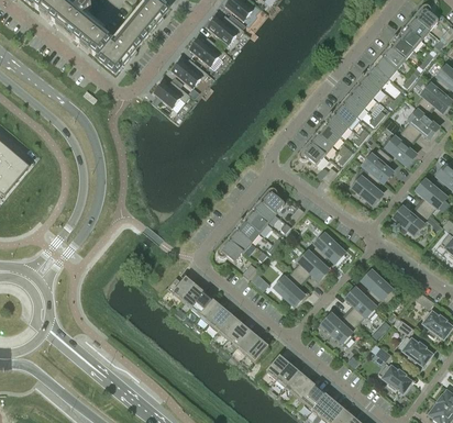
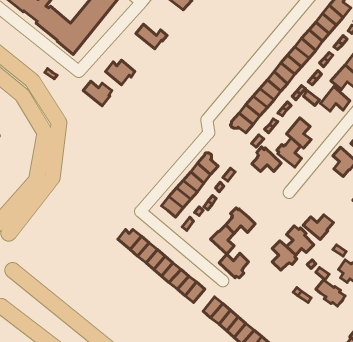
building: [206,15,243,46] -> none
building: [170,60,203,89] -> [83,81,112,106]
building: [386,131,415,165] -> none
building: [394,207,429,235] -> [303,215,333,239]
building: [309,234,343,263] -> [252,147,281,172]
building: [322,314,356,343] -> [219,253,249,278]
building: [377,363,410,392] -> none

